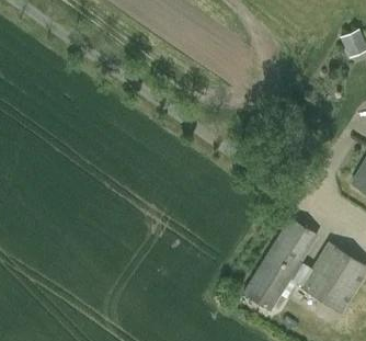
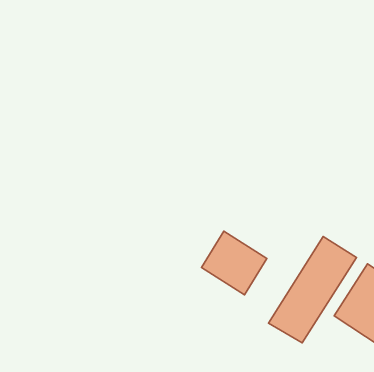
building: none -> [201,231,267,295]

